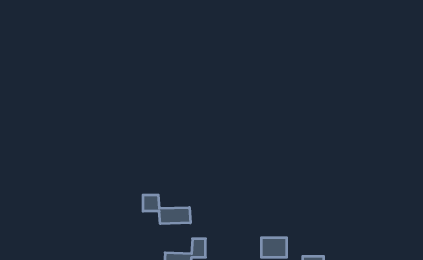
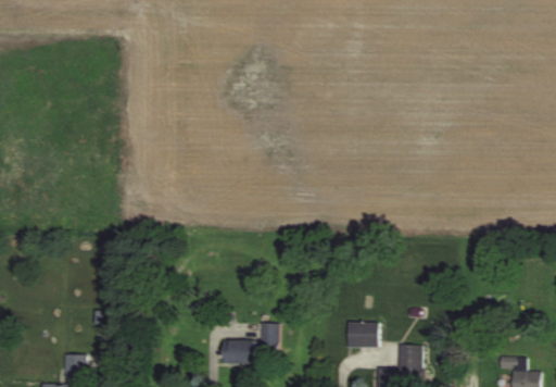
building: [143,195,190,224] -> none

